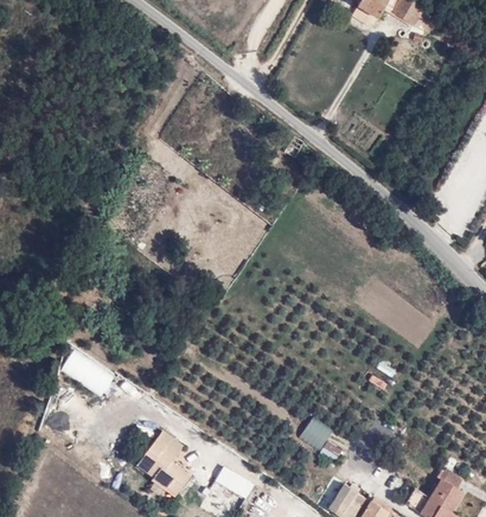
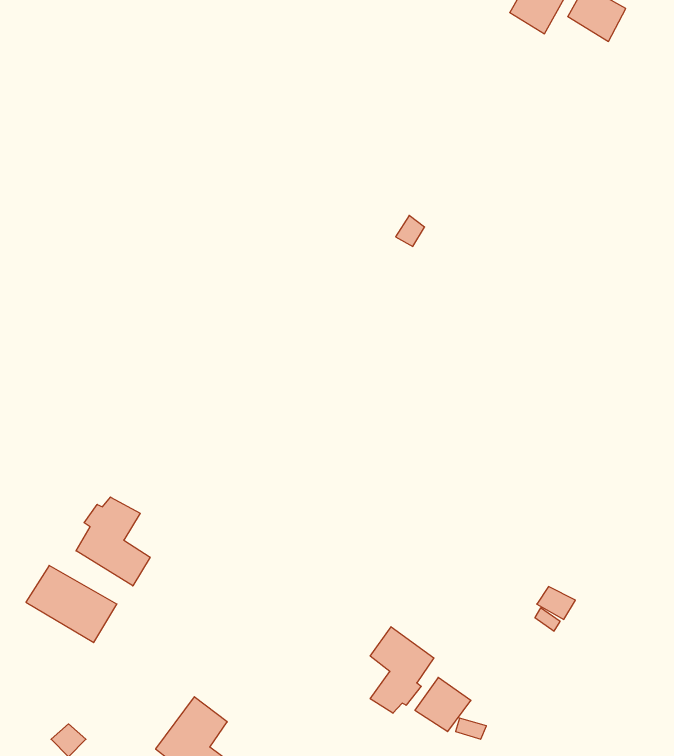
building: none -> [76,497,150,586]
building: none -> [370,627,434,713]

